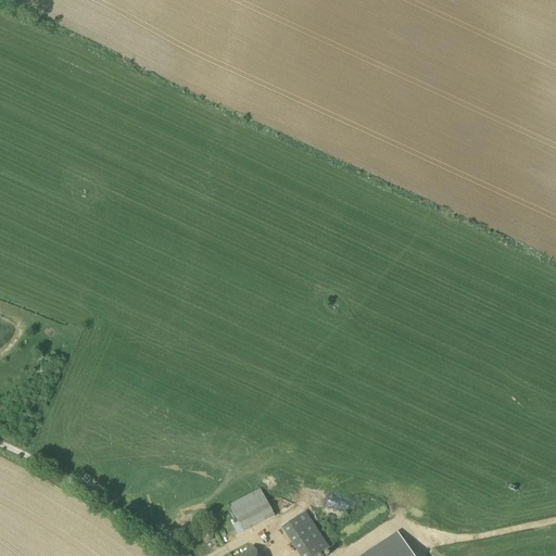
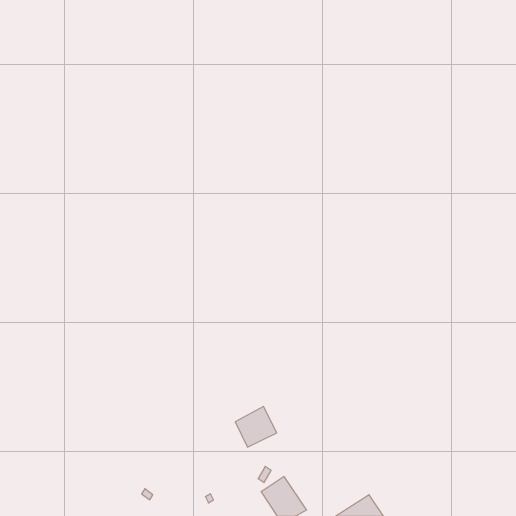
building: [230,489,275,532] -> [235,407,277,447]

